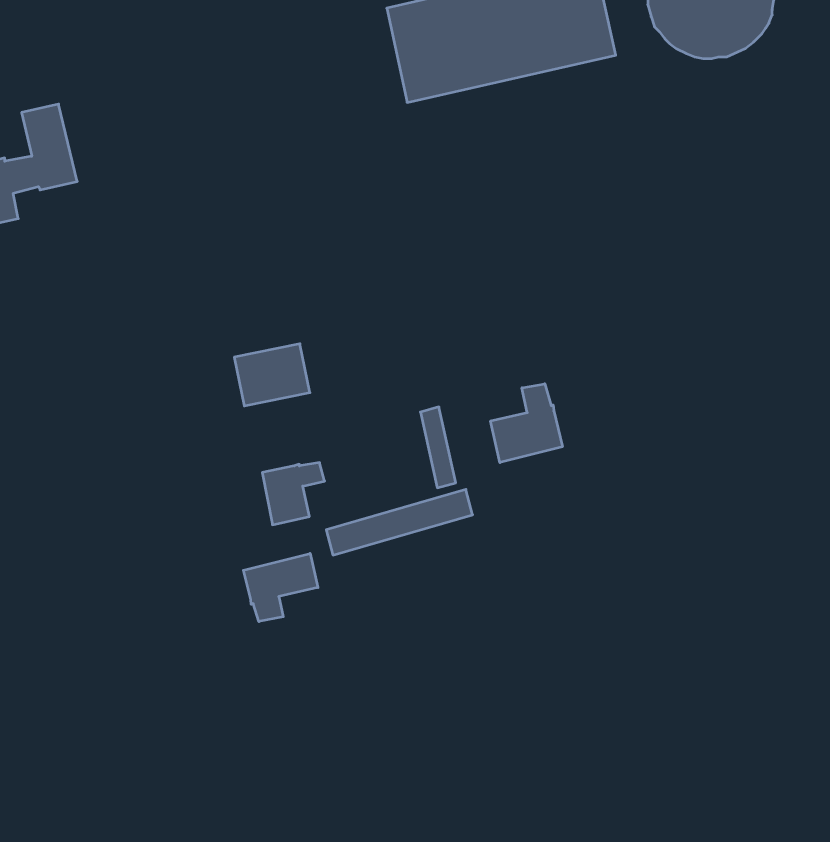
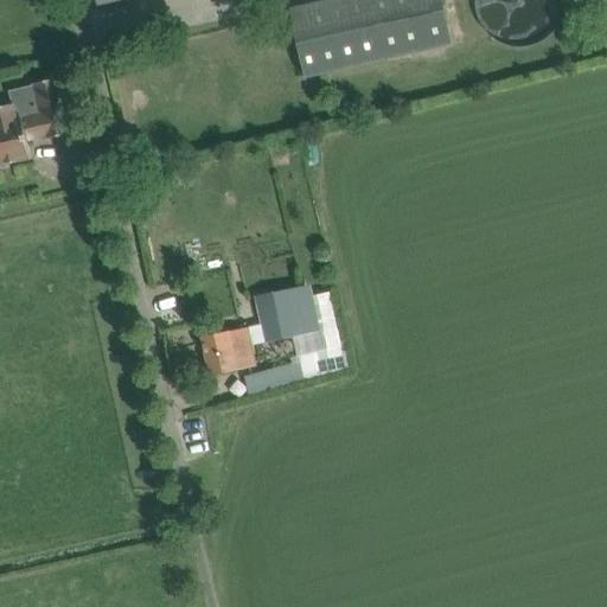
building: [234,344,310,406] -> [257,294,311,338]
building: [491,384,562,463] -> none
building: [243,553,318,622] -> none

